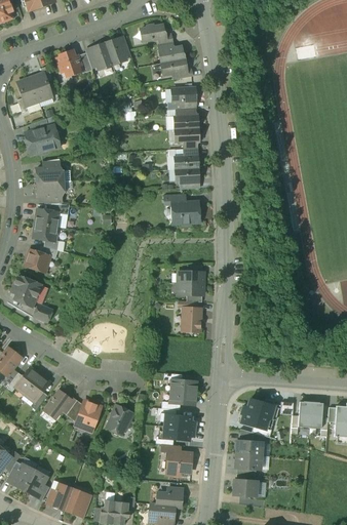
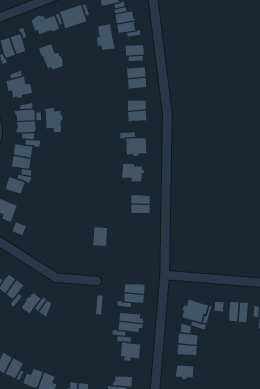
building: none -> [96,23,116,50]
building: none -> [38,43,64,71]
building: none -> [44,107,63,133]
building: none -> [121,163,145,182]
building: [182,308,200,332] -> [93,226,108,247]
building: [74,401,101,430] -> none
building: [106,407,132,435] -> none

